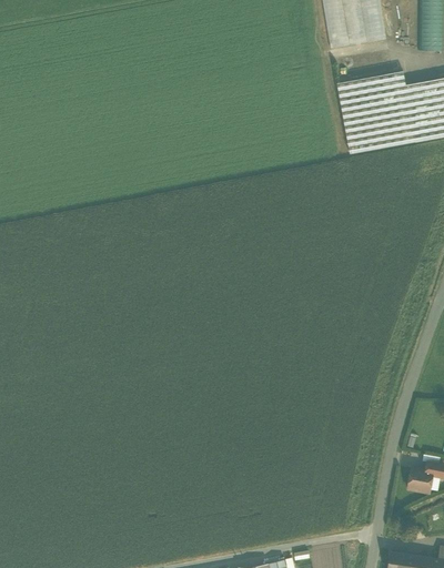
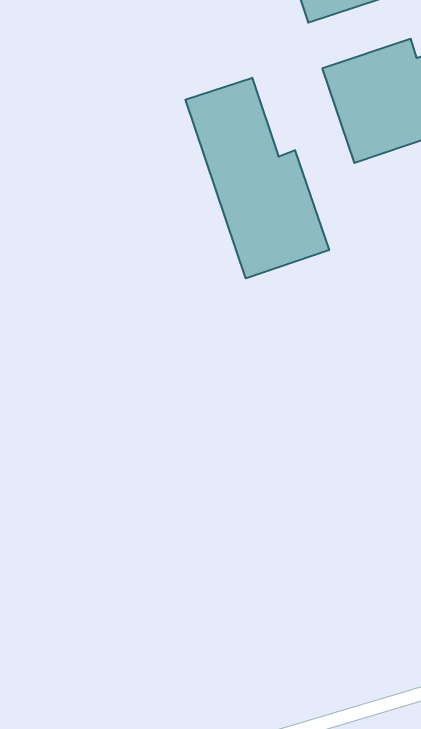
building: none -> [185,78,329,278]

